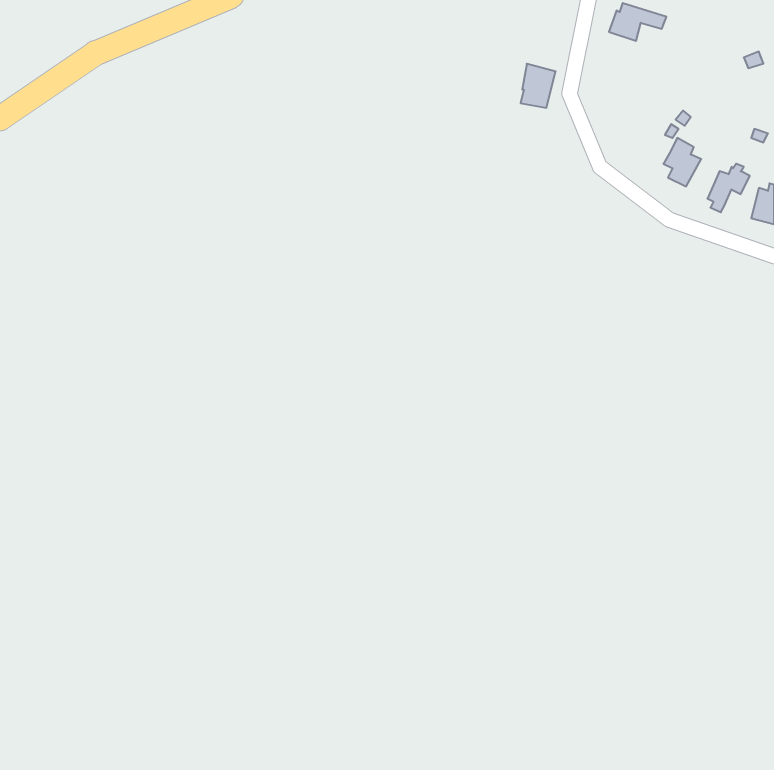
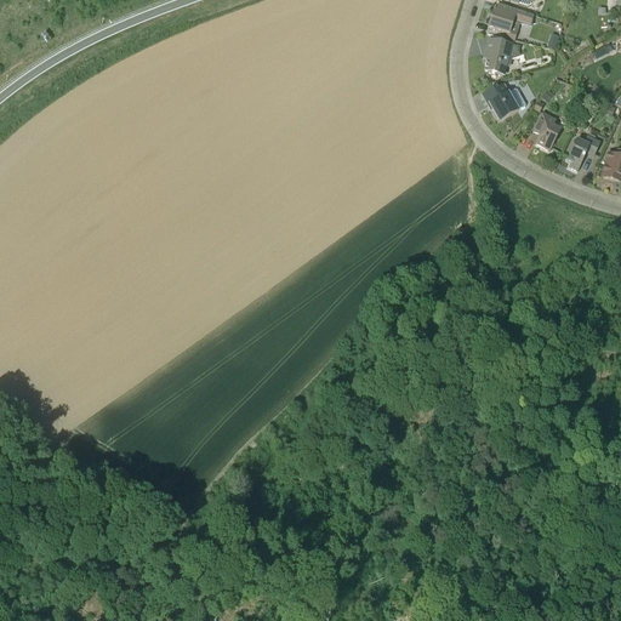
building: [521,64,556,108] -> [484,38,512,73]
building: none -> [483,84,518,119]

